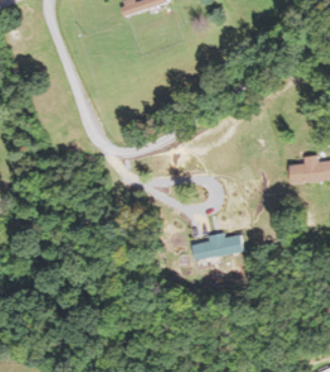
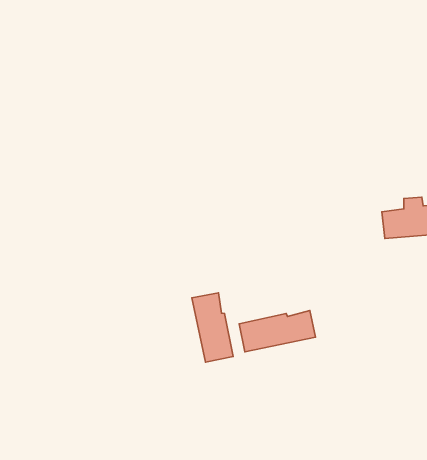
building: none -> [192,293,233,362]

